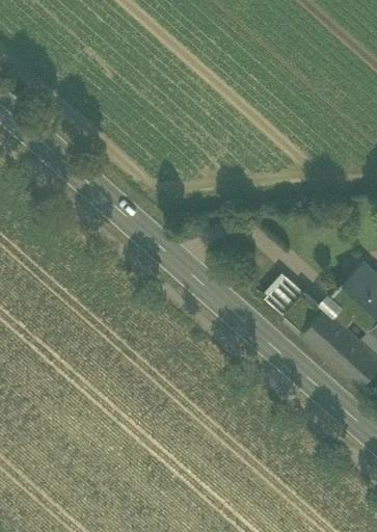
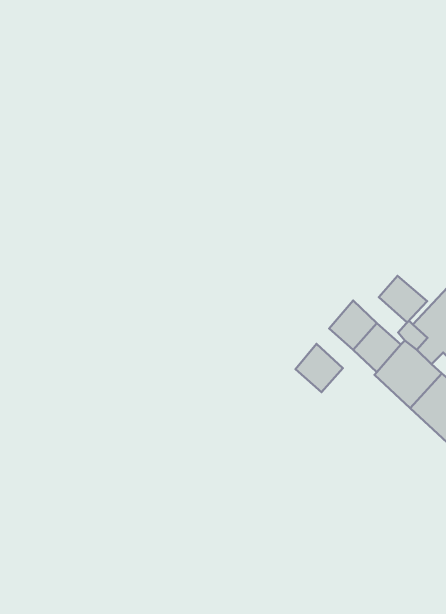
building: none -> [379,276,427,322]
building: none -> [295,344,343,392]

